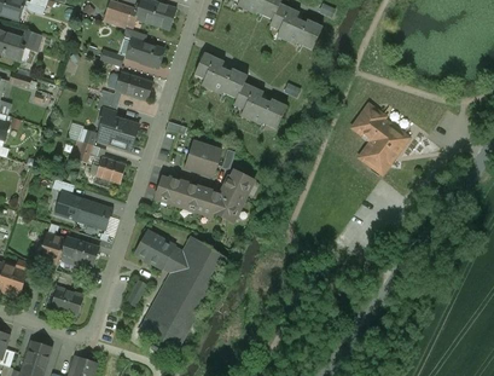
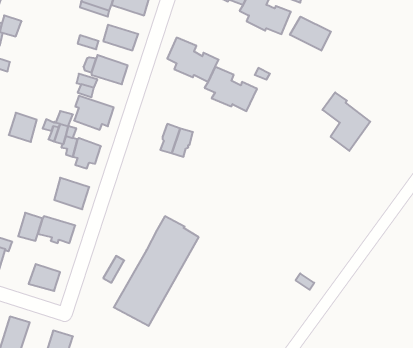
building: none -> [290,17,331,51]
building: [155,170,252,221] -> none
building: [53,190,82,220] -> [9,113,37,142]
building: [135,232,182,272] -> none

